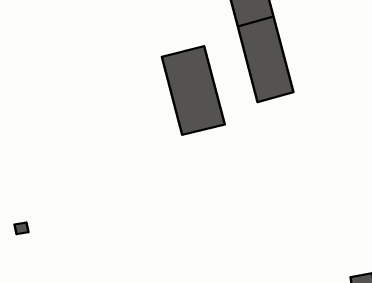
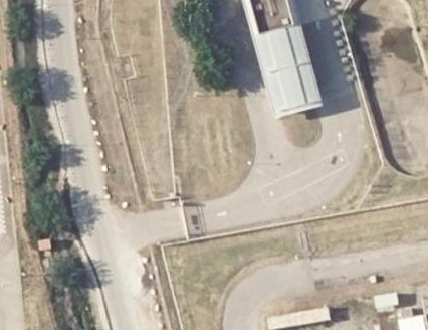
building: [162,46,225,135] -> none

